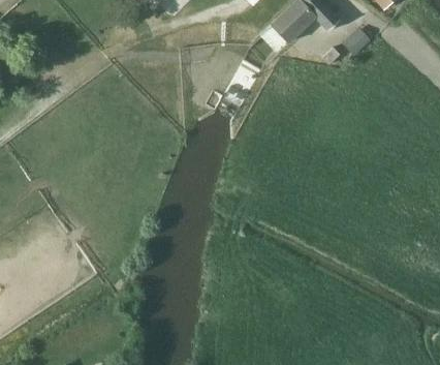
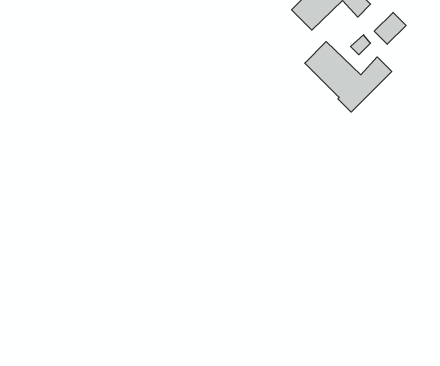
building: none -> [305,42,392,112]

